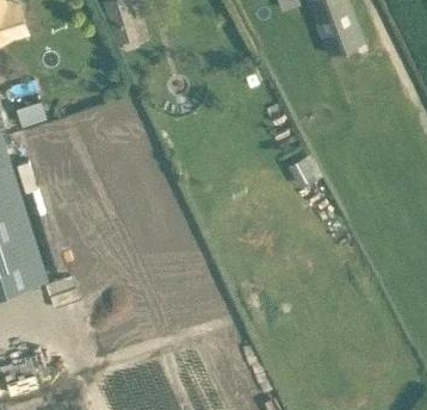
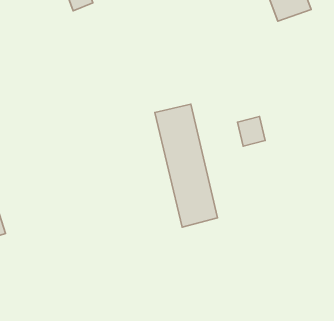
building: none -> [155,104,218,227]

